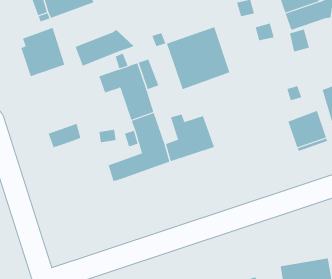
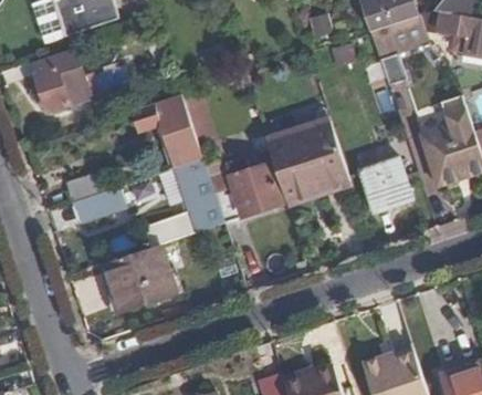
building: [166,26,230,90] -> [268,122,350,204]
building: [75,29,134,66] -> none
building: none -> [72,189,123,227]
building: none -> [101,246,175,312]

